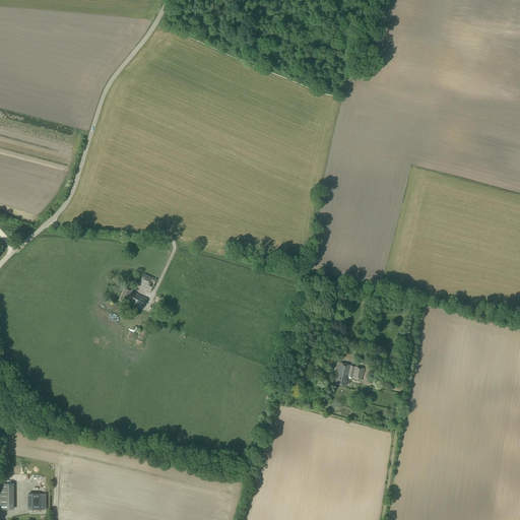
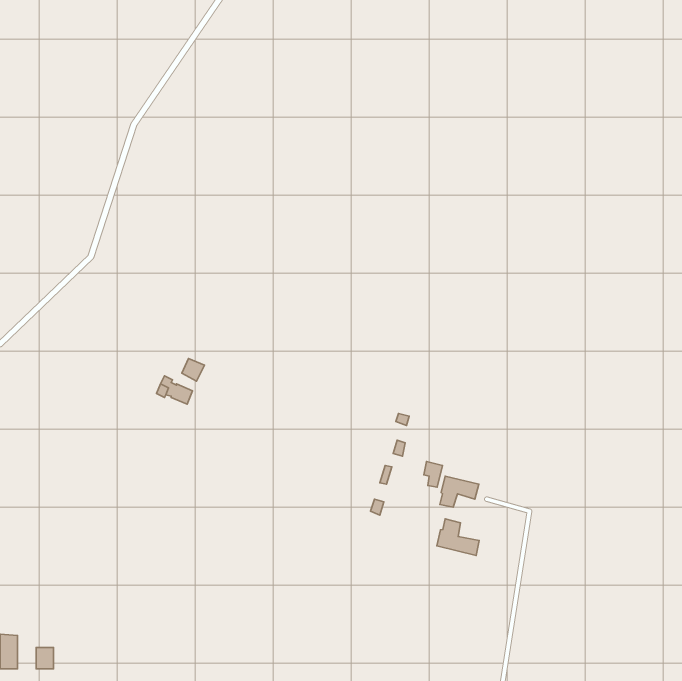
building: none -> [437,519,479,555]

